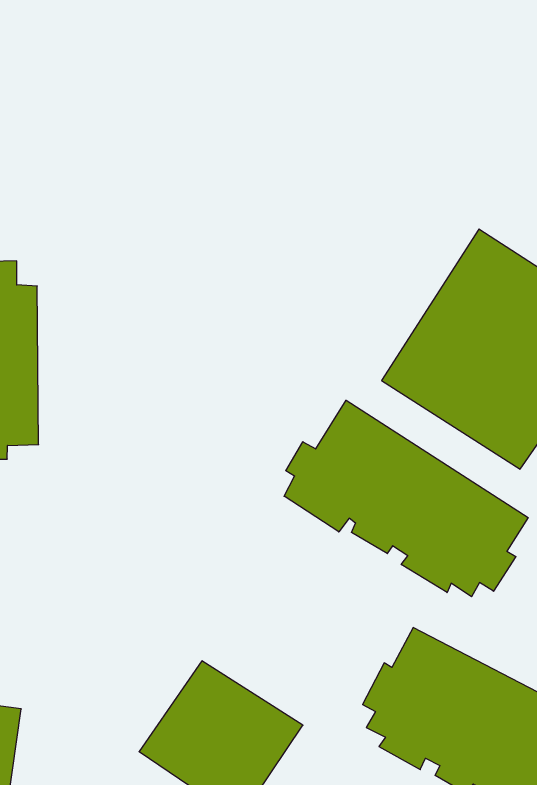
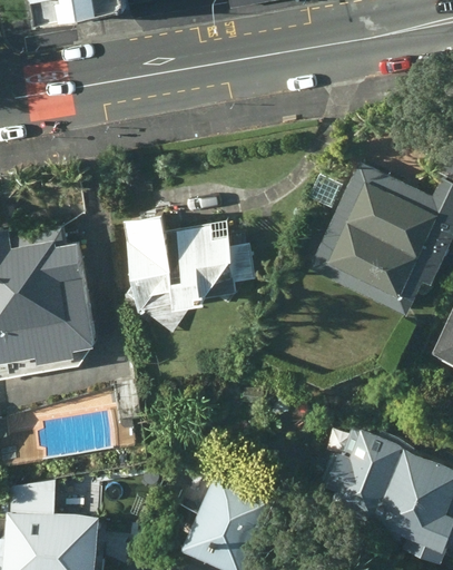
building: none -> [122,209,254,309]
building: [284,400,528,597] -> none

